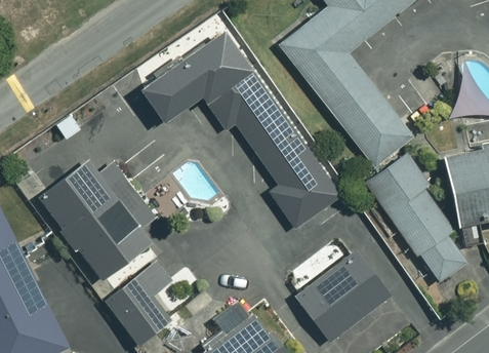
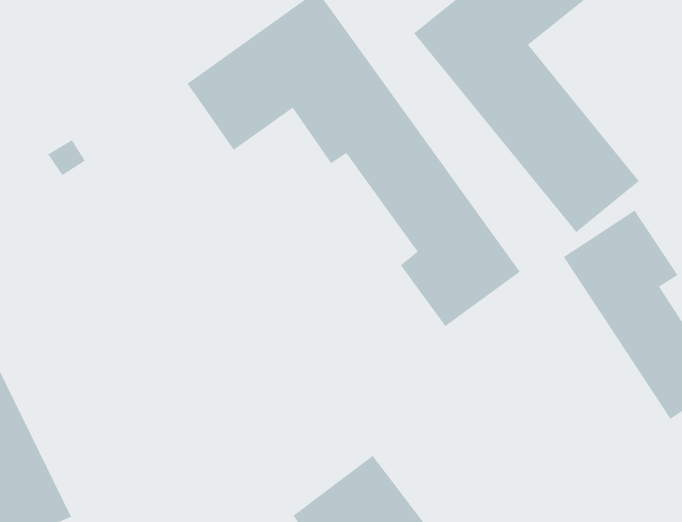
building: [40,157,156,280] -> none
building: [295,246,392,340] -> none
building: [108,261,177,342] -> none

